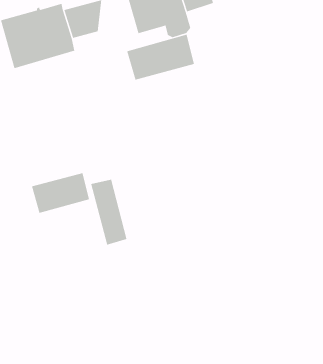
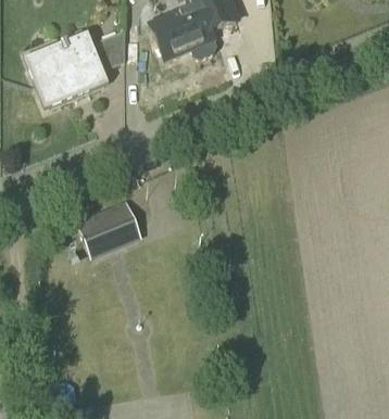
building: [126,34,195,81] -> none
building: [91,179,127,245] -> none

